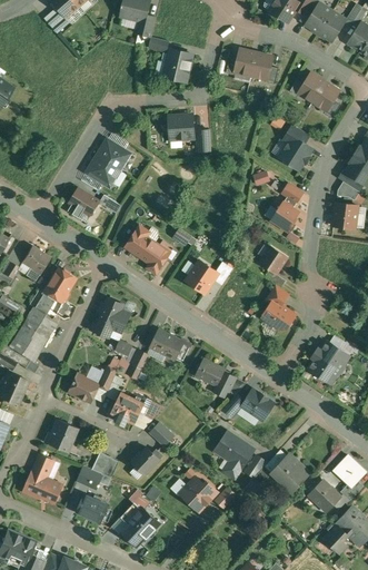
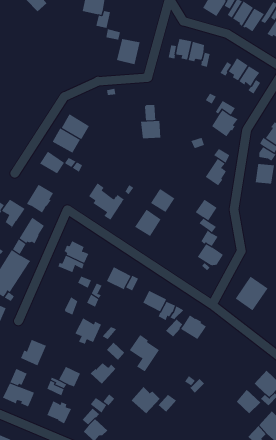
building: [168,116,193,138] -> [140,121,161,139]
building: none -> [26,184,54,213]
building: none -> [150,188,175,213]
building: [69,374,99,402] -> none
building: [215,431,252,478] -> [129,334,160,372]
building: [272,453,310,492] -> none

